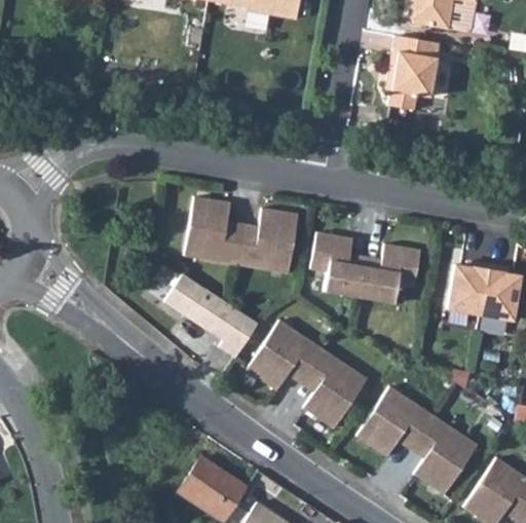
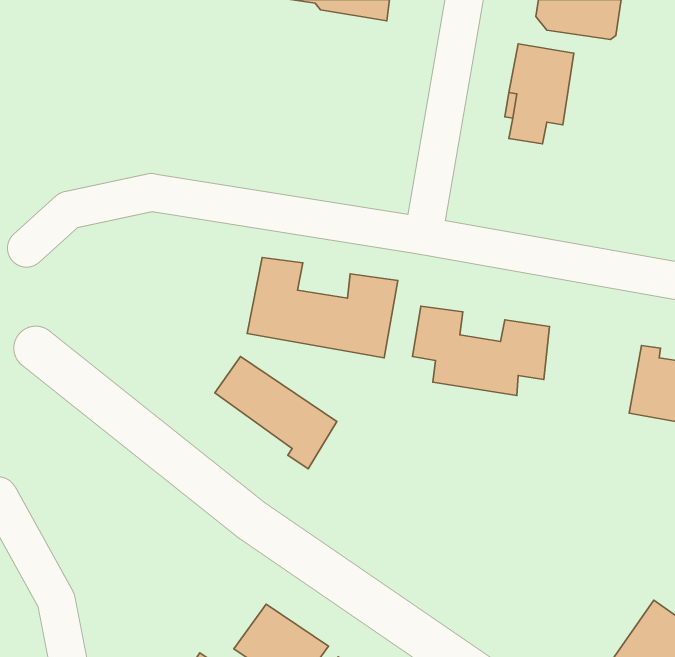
building: [448,261,489,315] -> none
building: [247,321,367,428] -> none
building: [356,386,478,495] -> none

